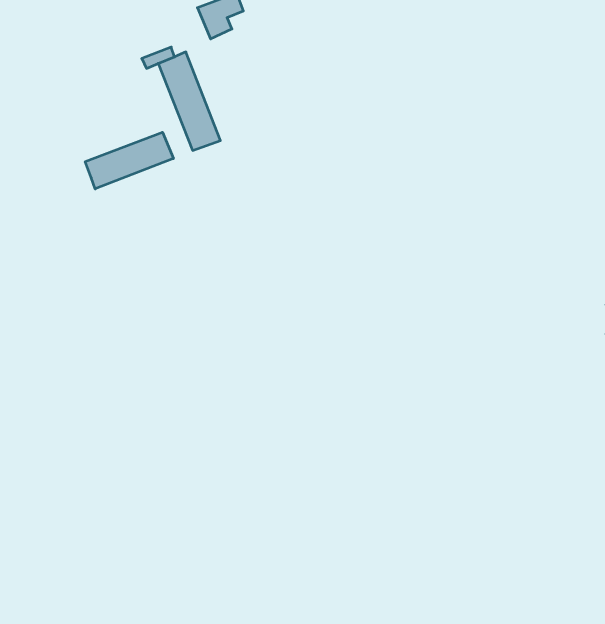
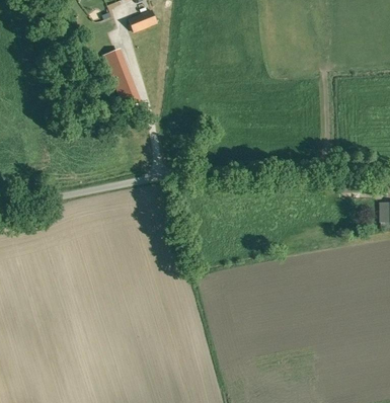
building: [85,132,173,189] -> none

